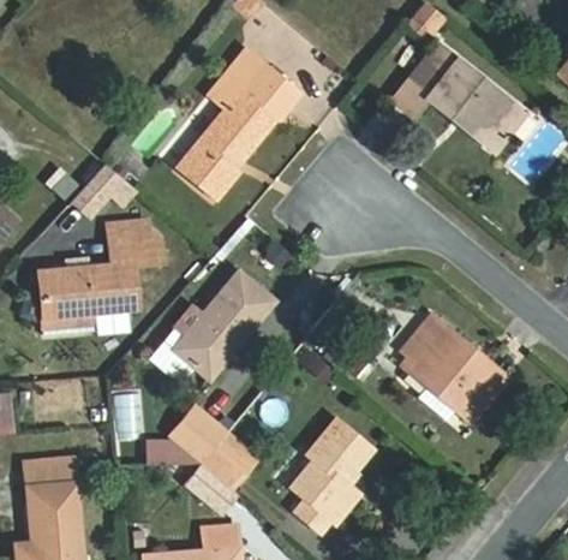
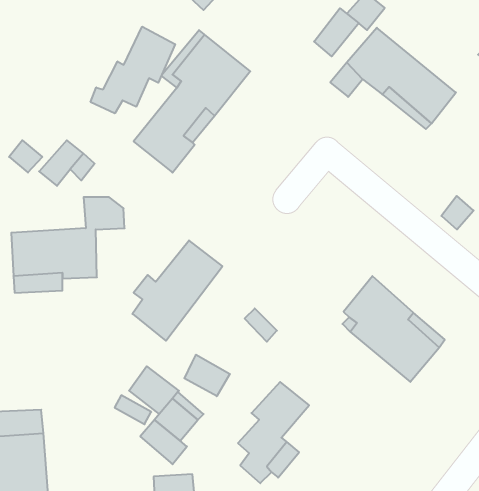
building: none -> [314,8,359,56]
building: none -> [91,27,175,113]
building: none -> [184,355,230,396]

